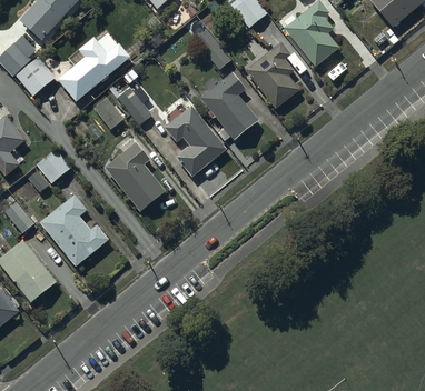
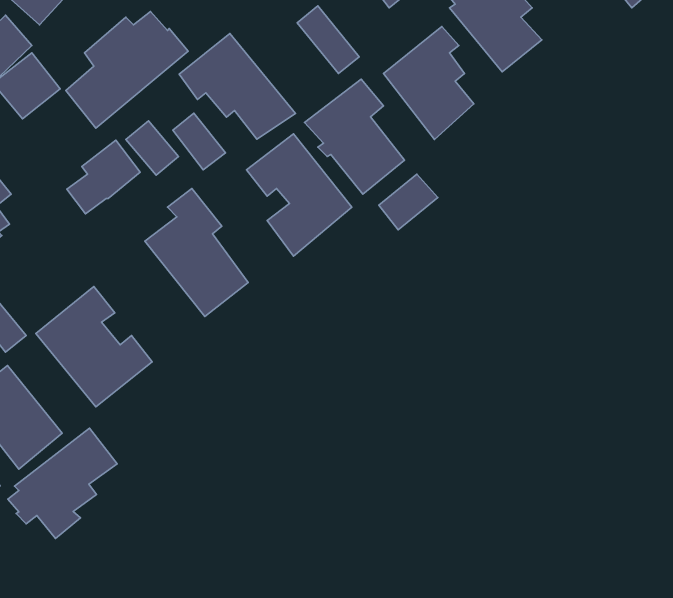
building: none -> [179,34,295,139]
building: none -> [379,174,438,230]
building: [27,149,70,192] -> [67,140,140,214]
building: none -> [8,428,117,539]

